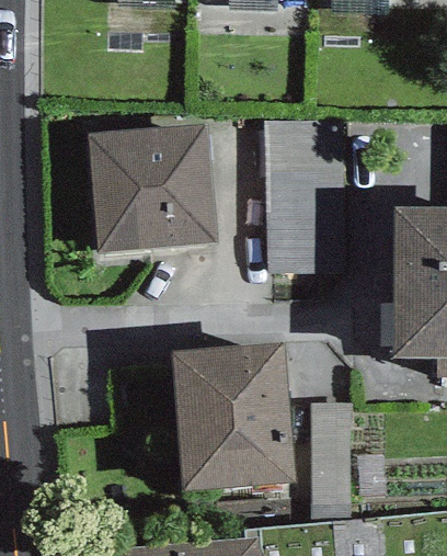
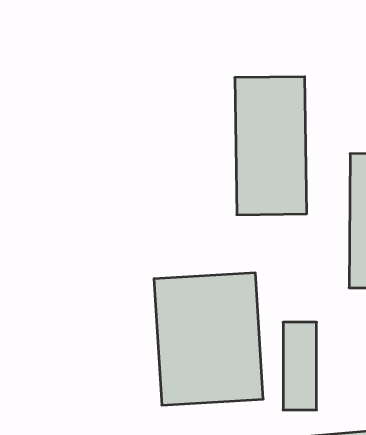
building: [85,126,216,254] -> none

